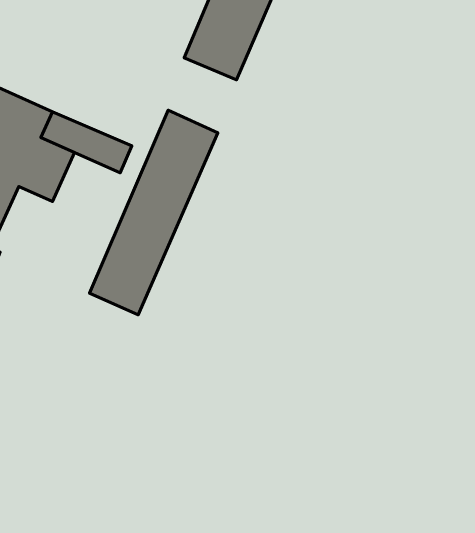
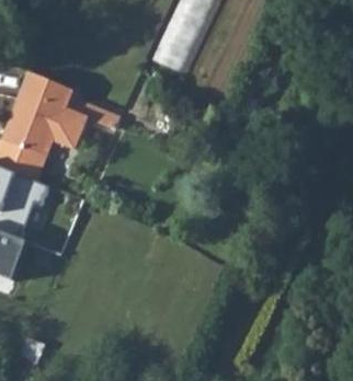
building: [90,110,218,315] -> none

